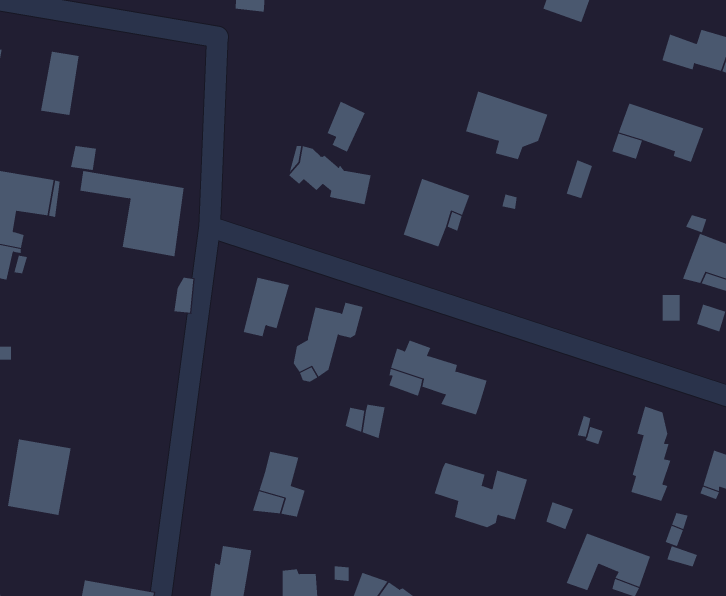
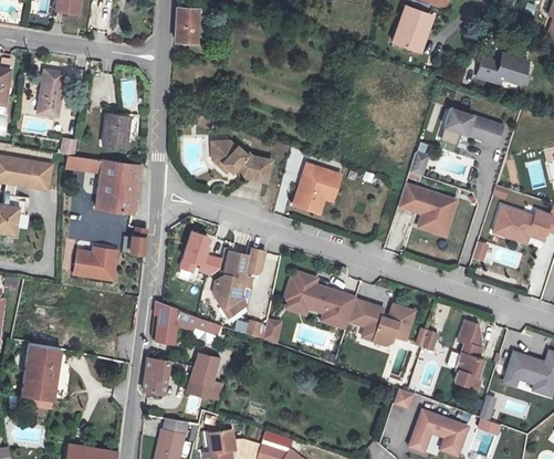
building: [465,91,548,160] -> [395,182,453,231]
building: [327,101,366,153] -> none
building: none -> [104,115,130,148]
building: none -> [74,249,123,281]
building: none -> [155,303,210,342]
building: none -> [145,357,168,395]
building: [434,462,528,528] -> [347,299,414,345]

